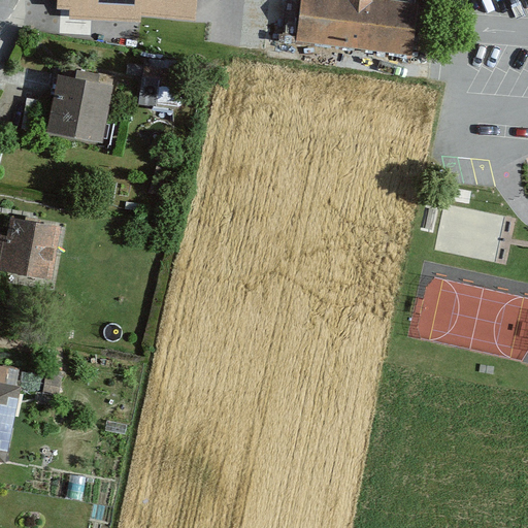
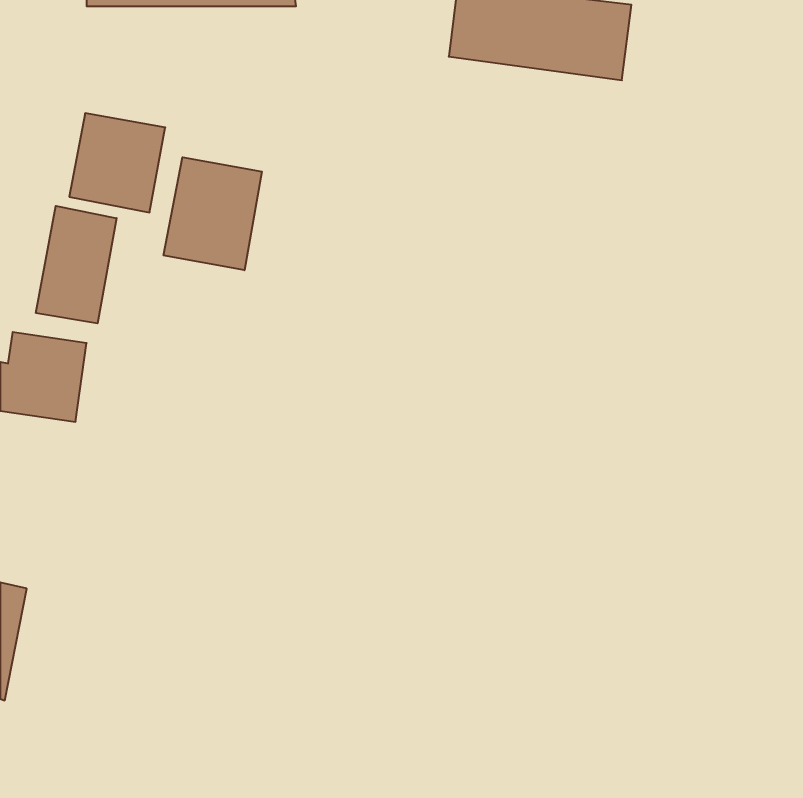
building: none -> [164,157,262,270]
building: none -> [36,206,117,323]

